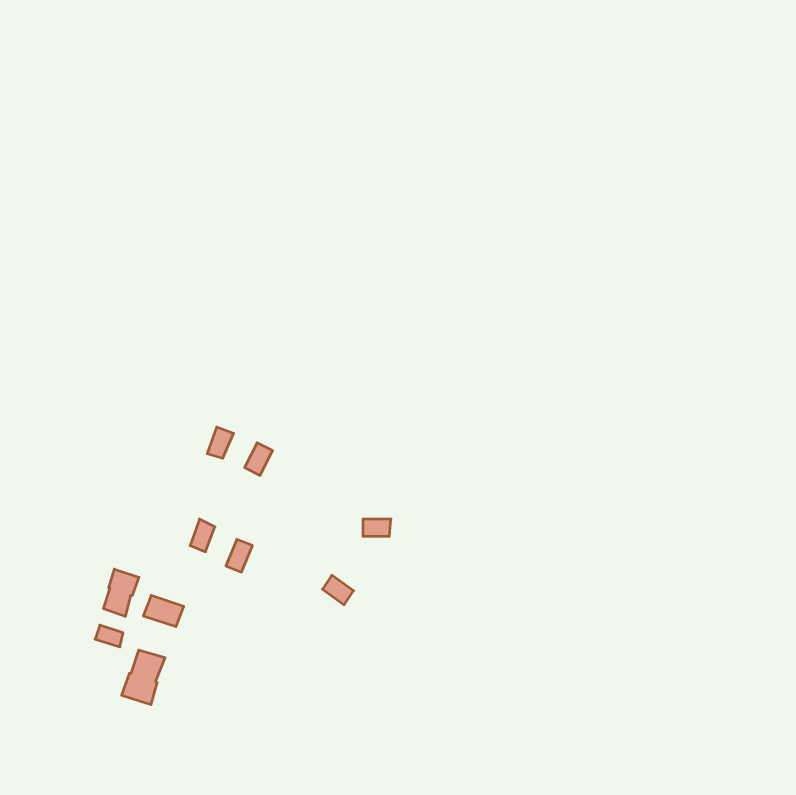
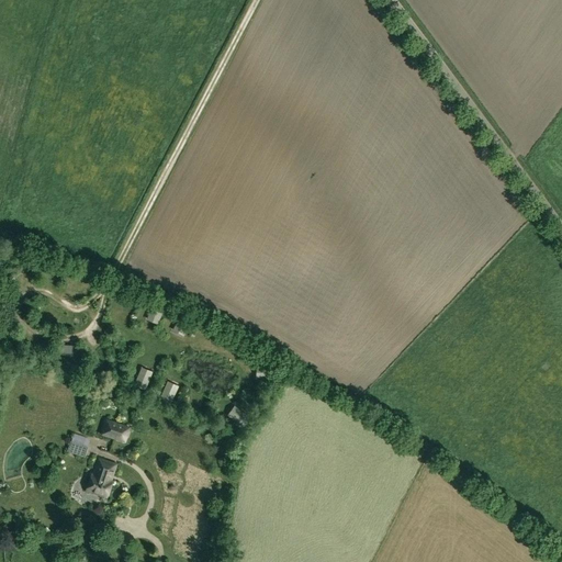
building: [104,569,139,616] -> none

